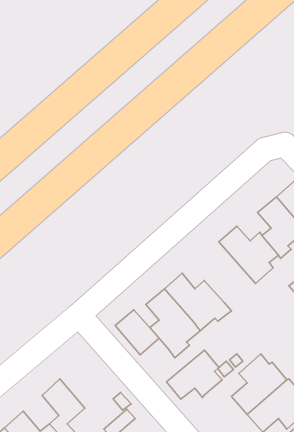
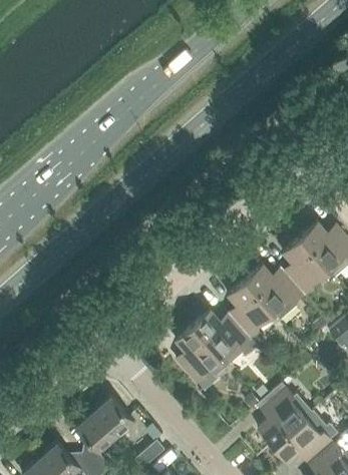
building: none -> [227,280,272,338]
building: [115,310,159,355] -> [91,396,133,439]
building: [167,350,222,399] -> none

